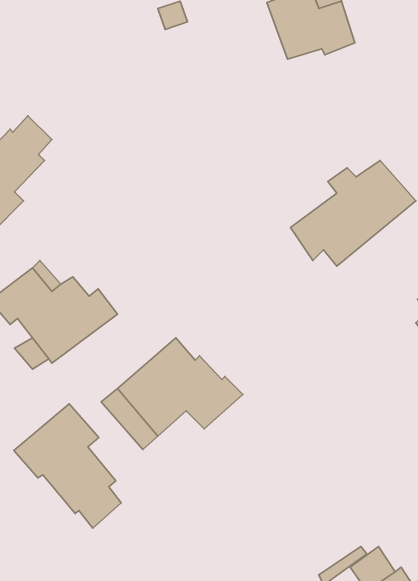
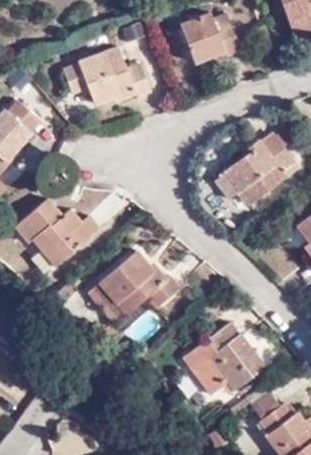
building: none -> [79,51,162,97]
building: [14,404,121,528] -> none
building: none -> [181,318,265,394]

